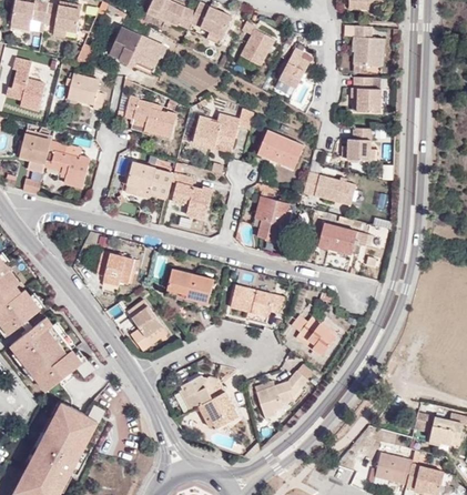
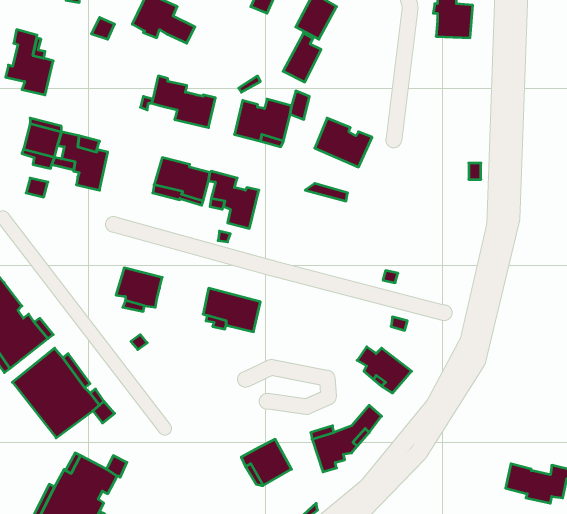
building: [278,49,309,89] -> [283,33,321,82]
building: [68,74,104,111] -> none
building: [351,78,383,112] -> none
building: [346,128,370,160] -> none
building: [304,172,356,204] -> none
building: [254,196,290,244] -> none
building: [318,223,372,254] -> none
building: [230,285,284,317] -> none
building: [126,300,167,352] -> none
building: [179,376,217,411] -> none

